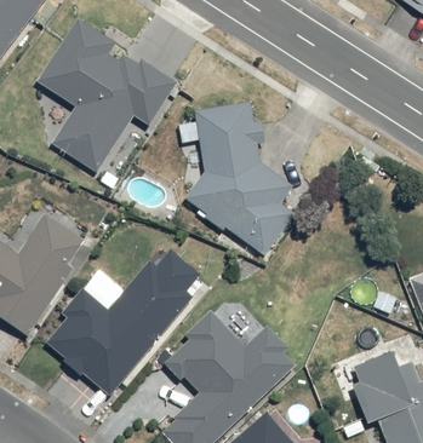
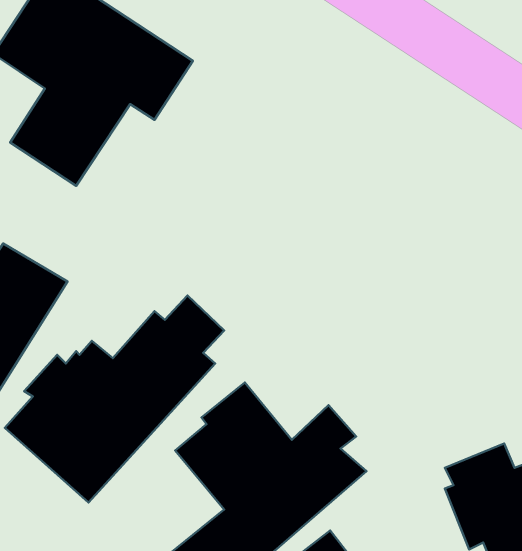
building: [183,103,299,260] -> none

